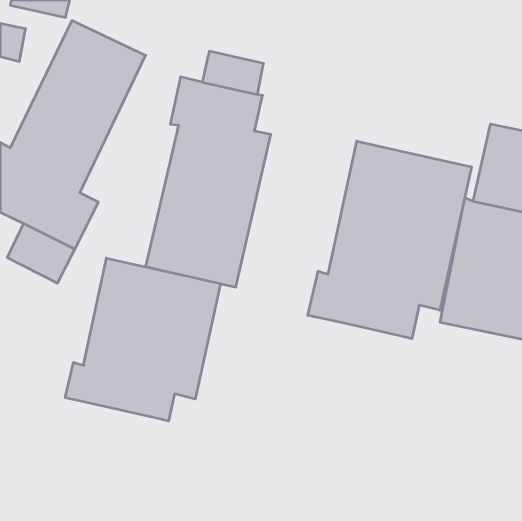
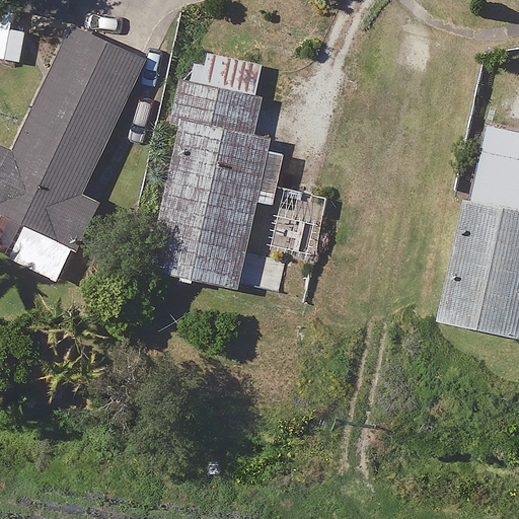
building: [308,141,471,339] -> none
building: [65,258,220,421] -> none

